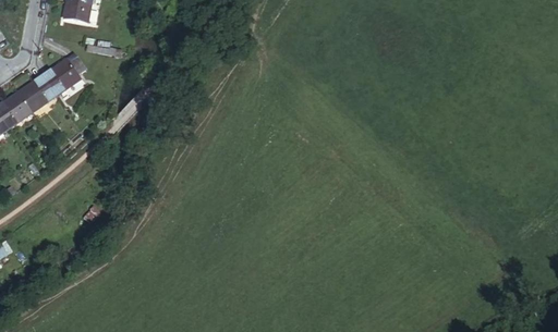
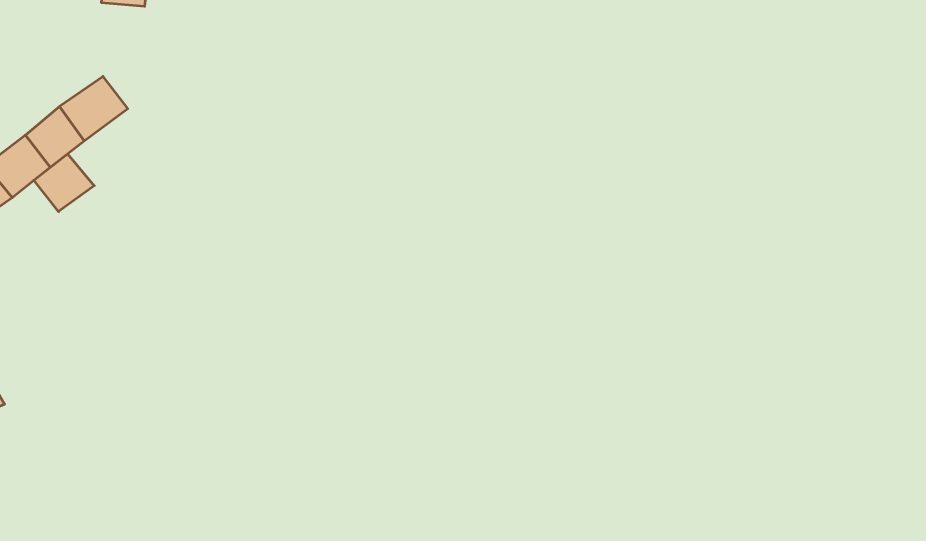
building: none -> [34,154,94,212]

